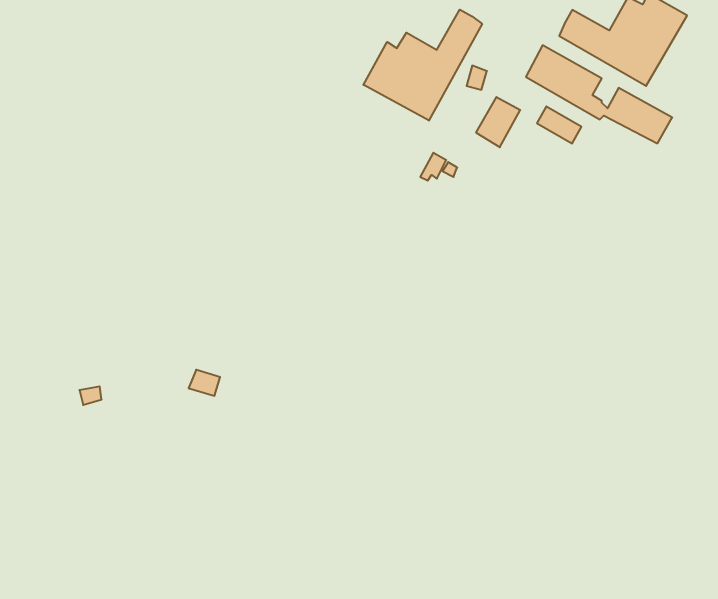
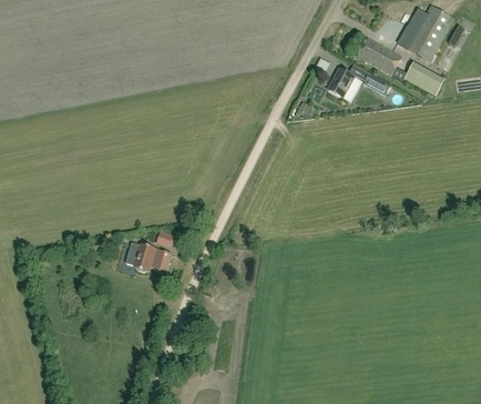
building: [363,10,482,121] -> none
building: none -> [124,242,171,272]

